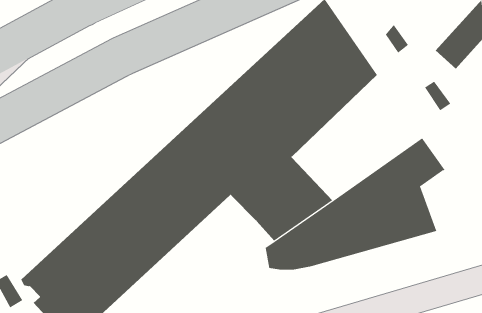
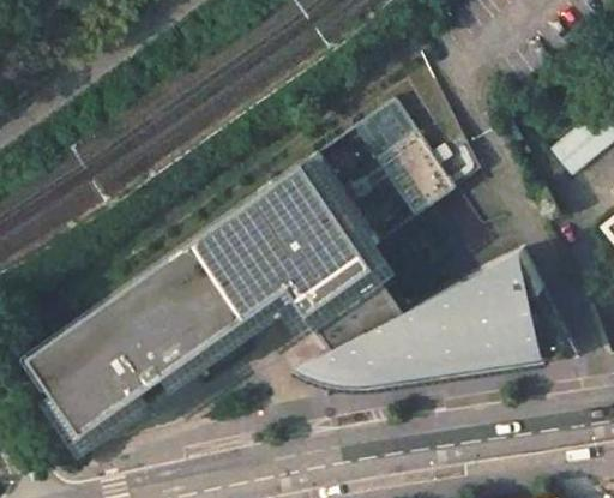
building: none -> [505,296,565,365]

